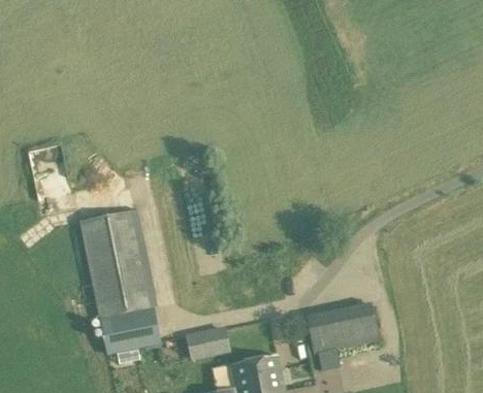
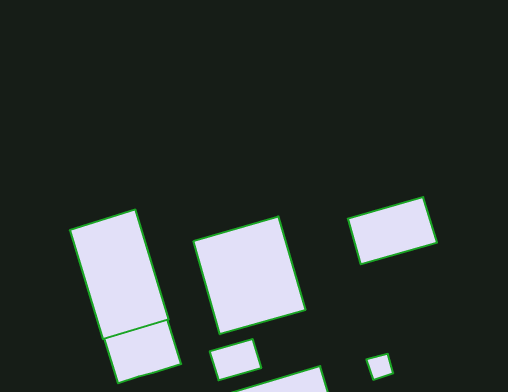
building: none -> [193,216,305,334]
building: [308,301,381,353] -> [348,197,437,264]

